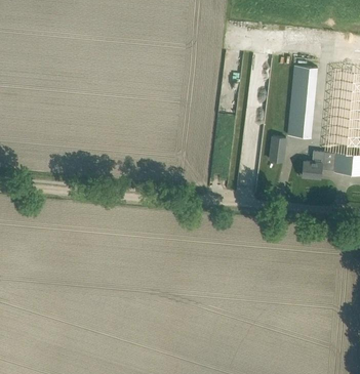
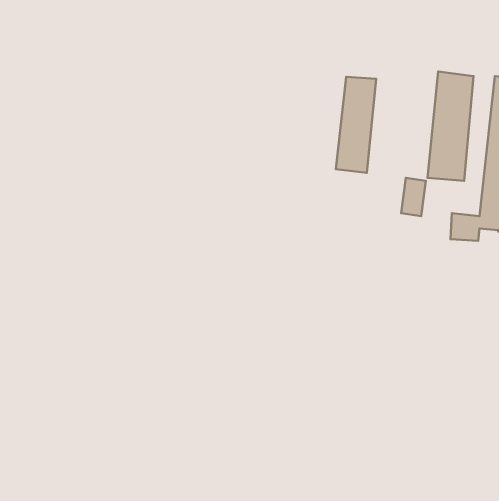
building: none -> [336,77,376,173]

